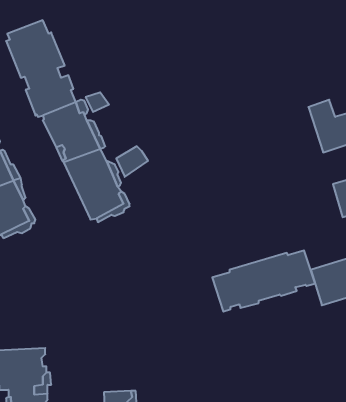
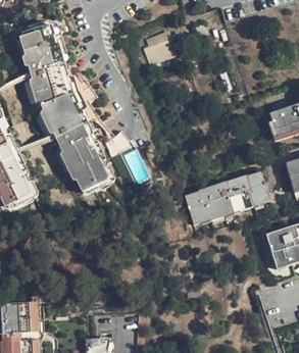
building: none -> [147,33,183,59]
building: [212,250,315,312] -> [181,174,266,225]

